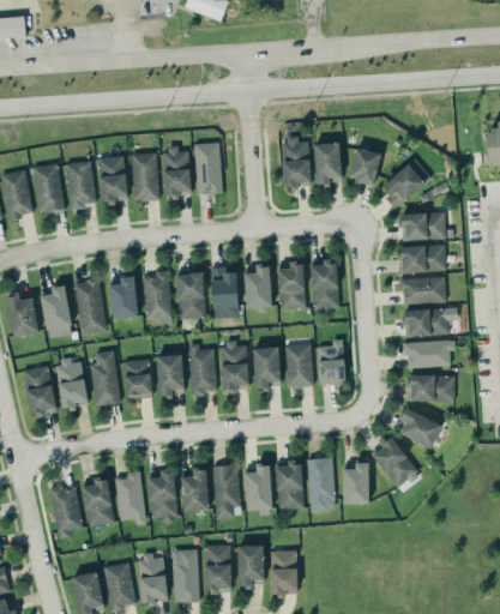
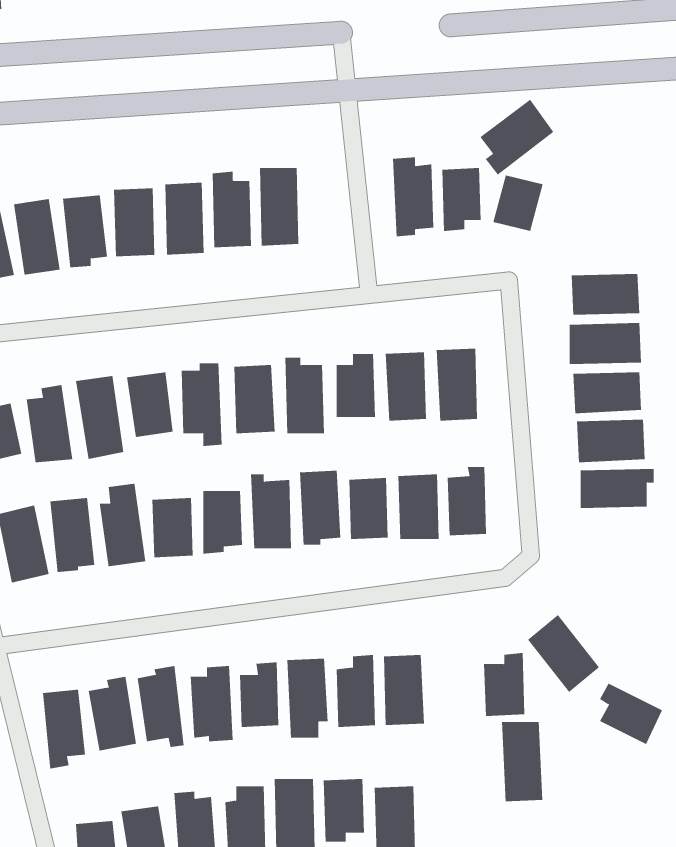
building: [381,158,430,209] -> [479,99,554,176]
building: [408,374,454,402] -> none
building: [399,408,441,449] -> [599,683,663,745]
building: [307,458,335,511] -> [501,722,543,802]

